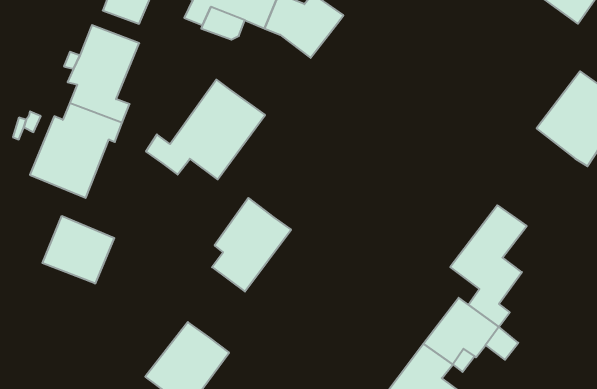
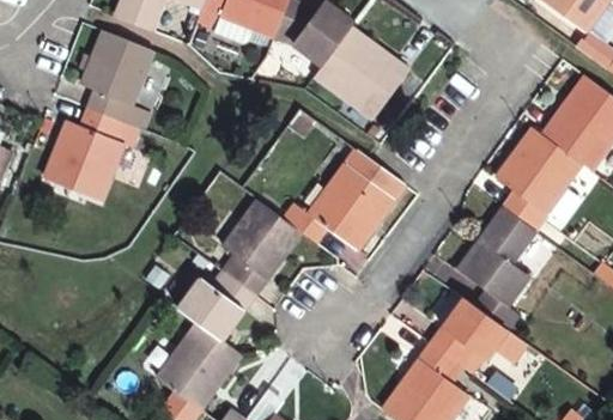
building: none -> [314,26,407,117]
building: [146,80,265,179] -> [285,150,402,248]
building: none -> [498,127,582,229]
building: [42,216,114,284] -> none
building: none -> [180,269,256,339]

